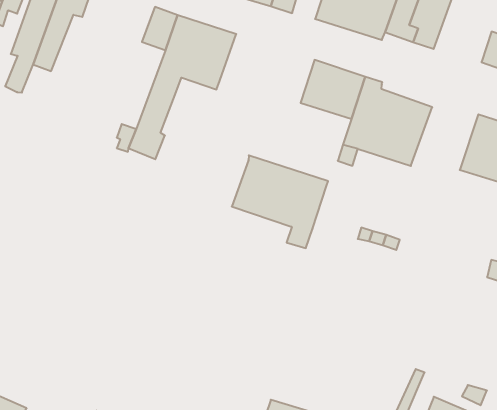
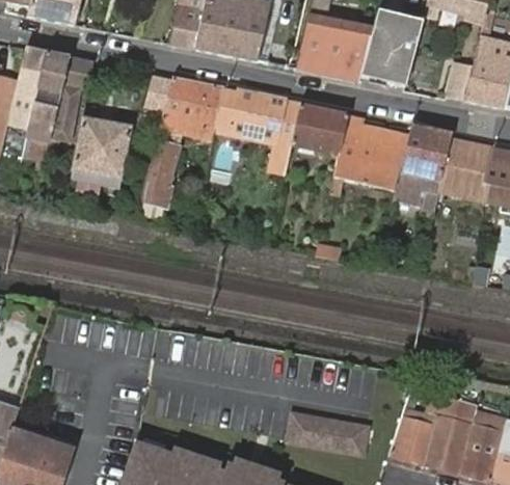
building: none -> [71,117,133,197]
building: none -> [393,125,452,218]
building: [232,155,328,248] -> [217,86,300,163]

